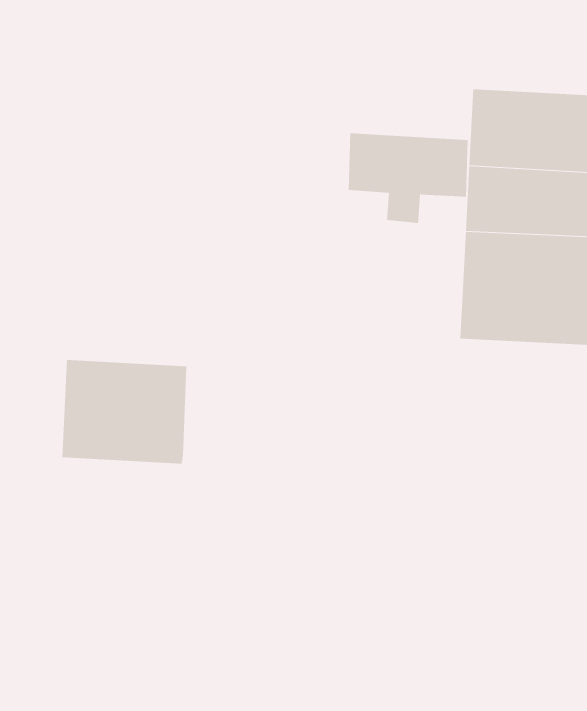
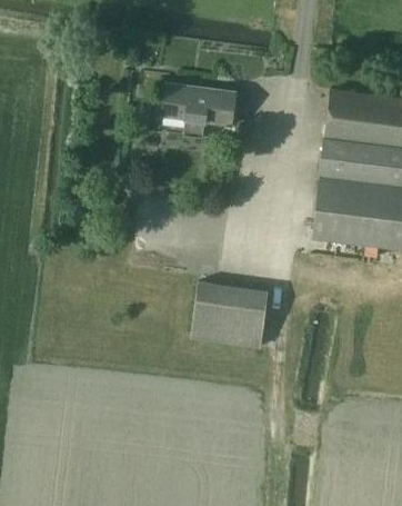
building: [348,133,469,224] -> [163,82,235,138]
building: [61,359,187,464] -> [191,281,268,347]

